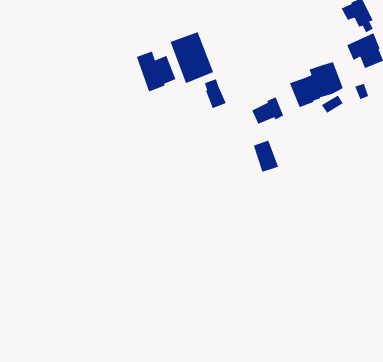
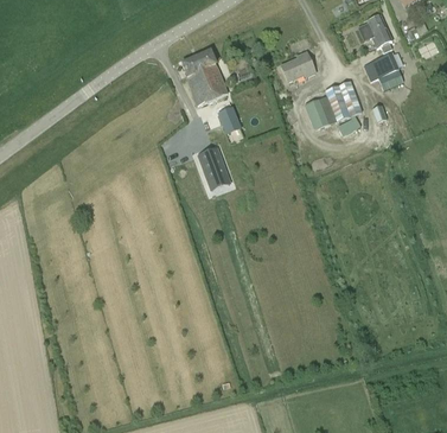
building: [136,50,177,93] -> none
building: [251,96,284,125] -> [281,52,315,82]
building: [253,140,279,173] -> [200,147,228,182]

